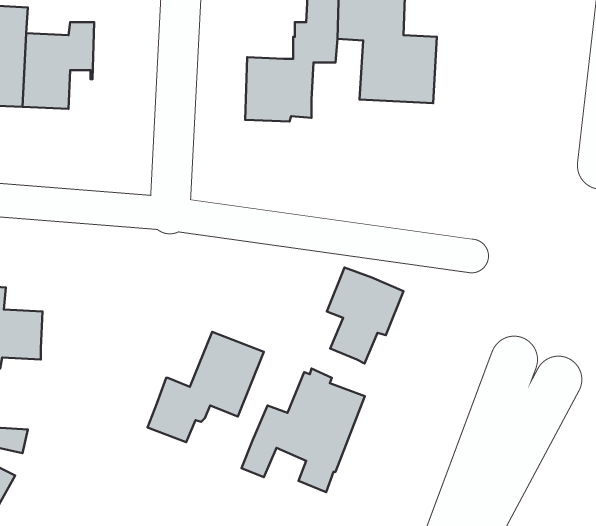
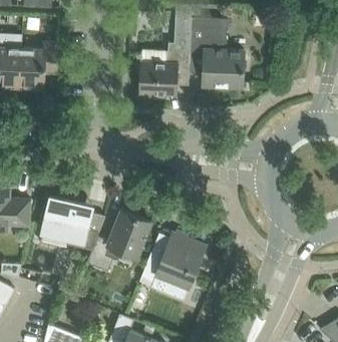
building: [327,268,404,363] -> none
building: none -> [43,193,105,251]

